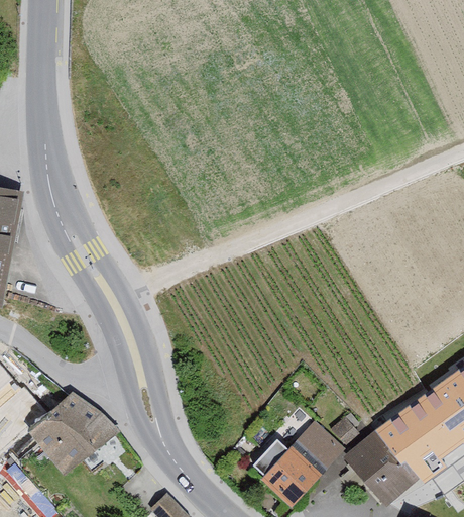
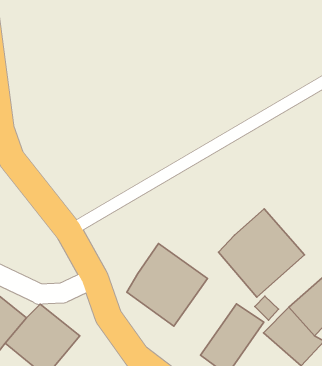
building: none -> [219,209,304,297]
building: none -> [127,243,207,326]

